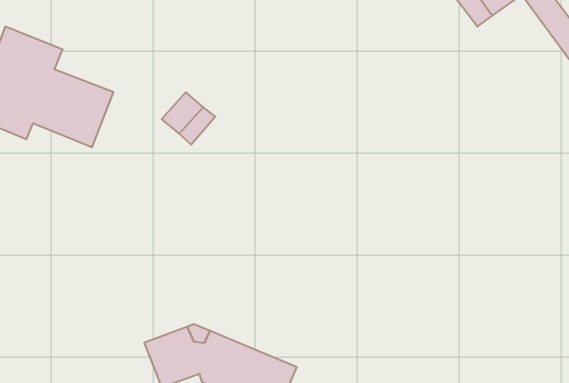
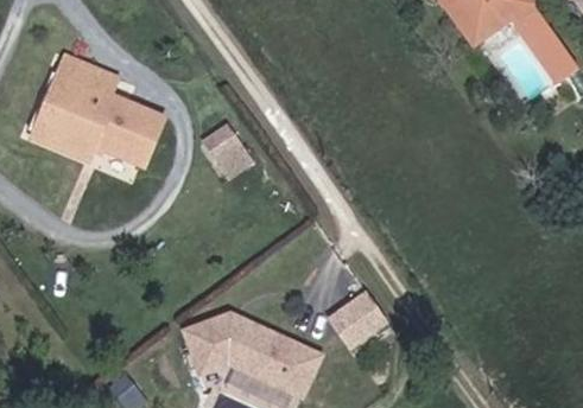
building: none -> [319,288,374,339]

